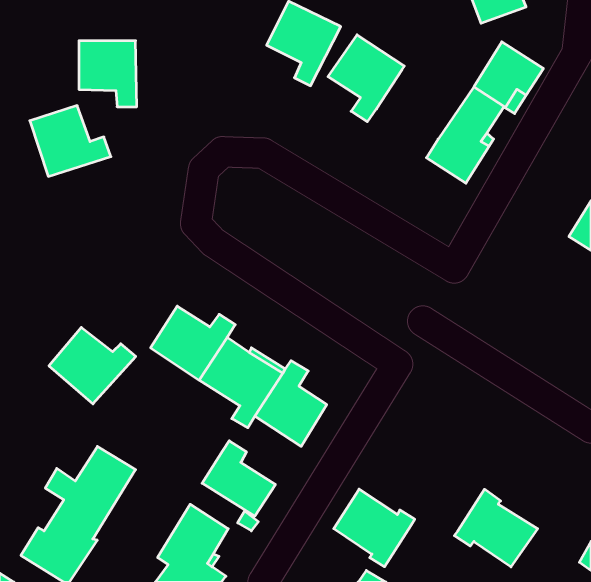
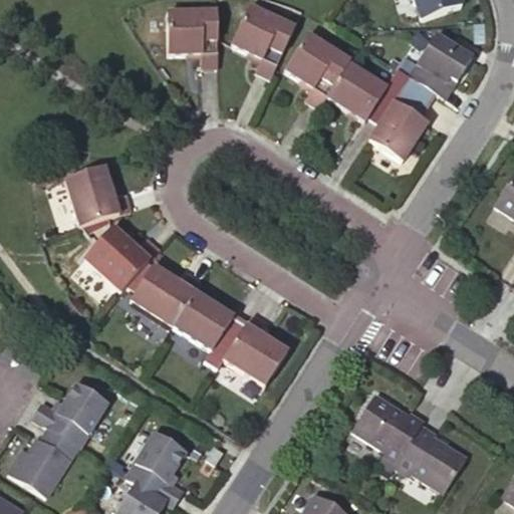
building: [79,41,137,107] -> [168,4,218,61]
building: none -> [326,60,411,120]
building: [30,106,111,176] -> [63,165,134,226]
building: [49,327,136,404] -> [86,224,162,290]
building: [202,441,275,516] -> none
building: [334,489,415,567] -> [352,393,423,460]

